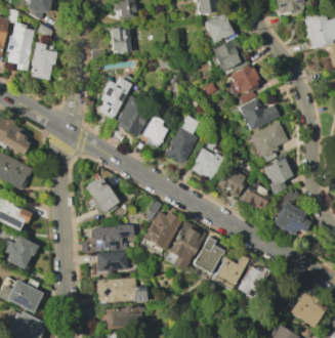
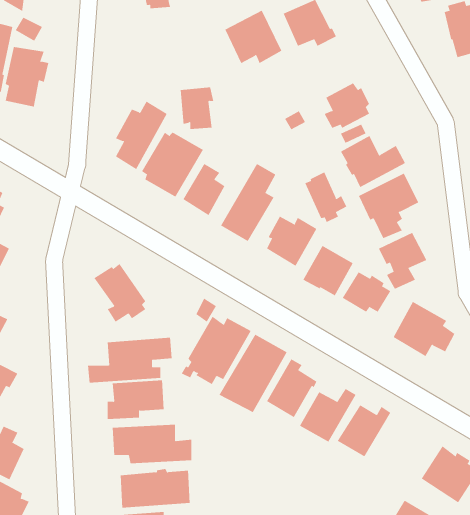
building: [111,27,132,53] -> [180,87,214,129]
building: [213,37,249,71] -> [224,10,282,64]
building: none -> [305,171,347,223]

